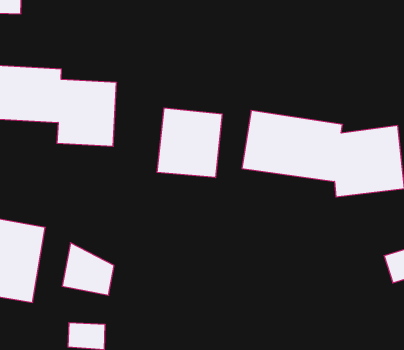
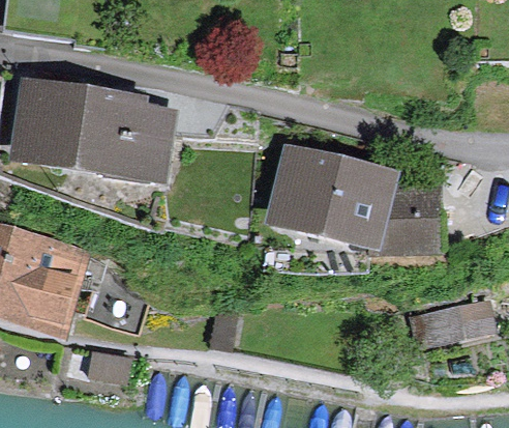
building: [157,108,222,178] -> none

